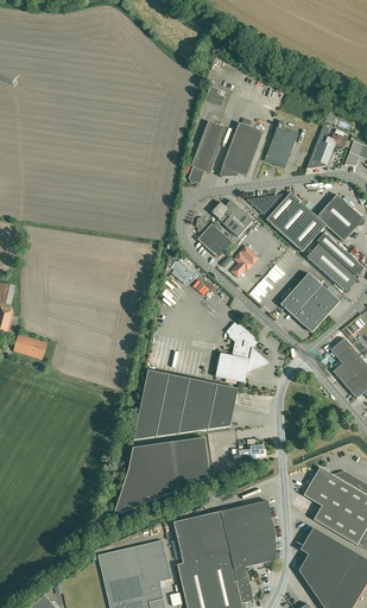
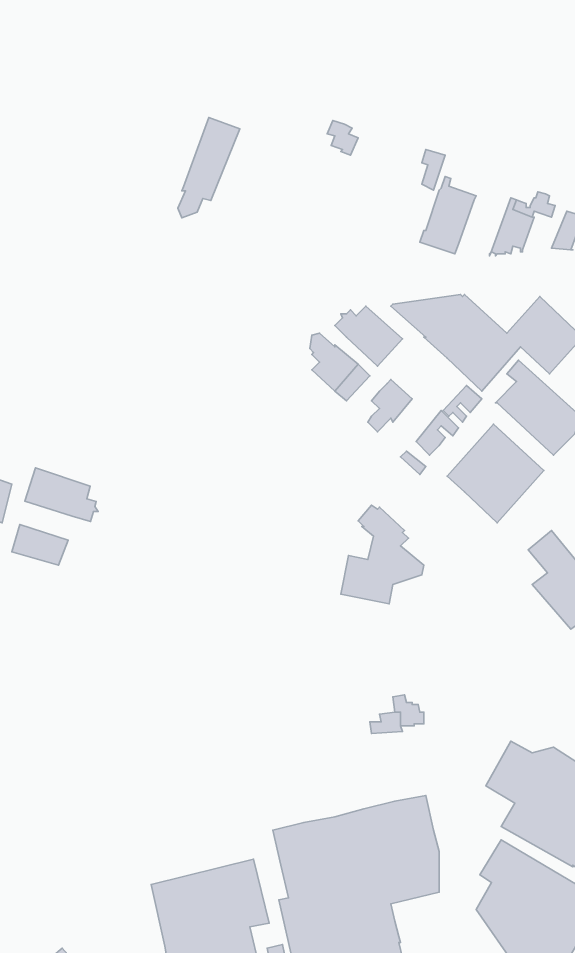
building: [189,121,227,183] -> [178,117,240,218]
building: [220,122,264,177] -> none
building: none -> [25,468,98,522]
building: [133,369,238,439] -> none
building: [114,437,210,515] -> none

